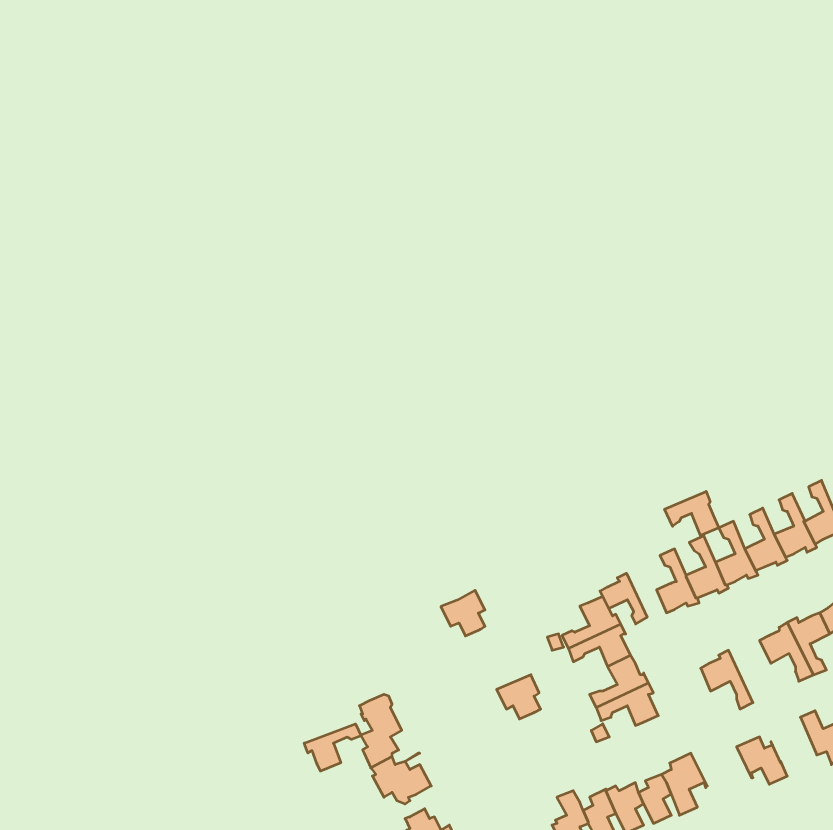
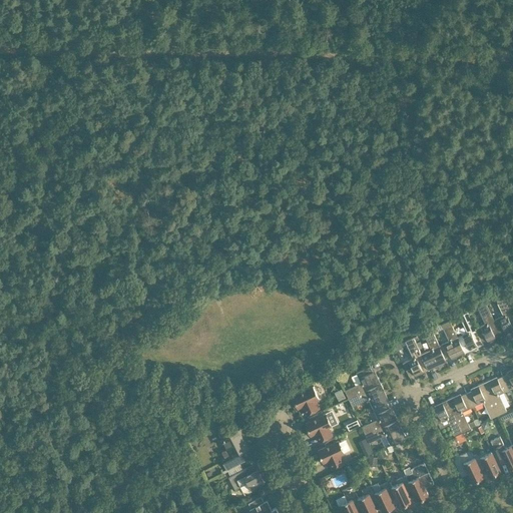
building: [665,491,719,536] -> none
building: [600,573,647,624] -> none
building: [441,590,485,636] -> [293,389,320,417]
building: none -> [448,396,474,434]
building: none -> [319,444,346,471]
building: [304,724,361,771] -> none
building: none -> [474,454,501,479]

